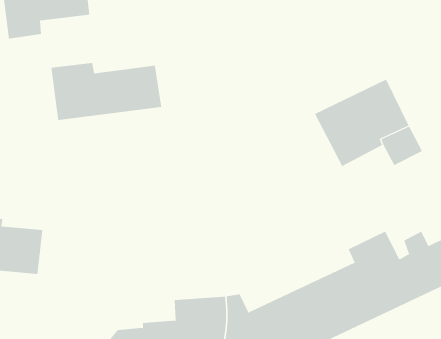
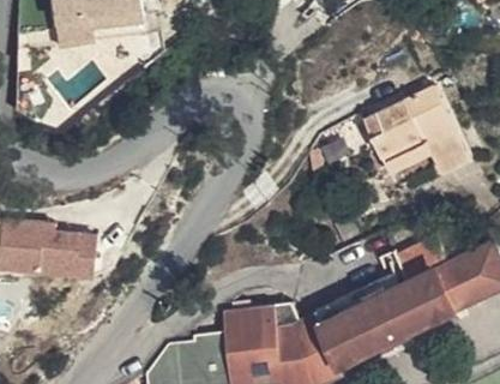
building: [51,62,162,121] -> none

